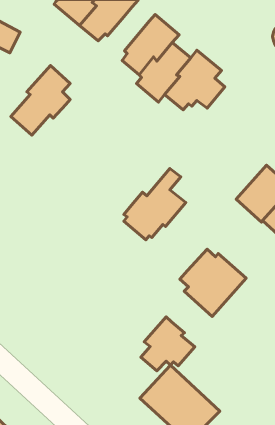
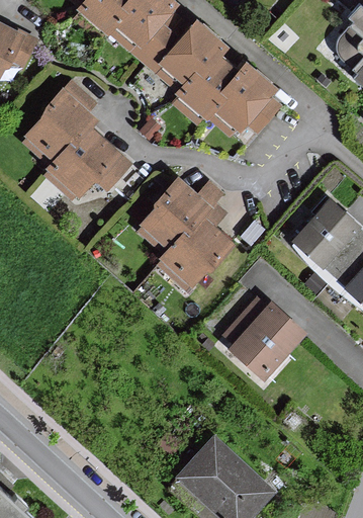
building: none -> [128,10,189,74]
building: none -> [46,126,129,197]
building: none -> [140,177,221,247]
building: [141,317,195,371] -> none

